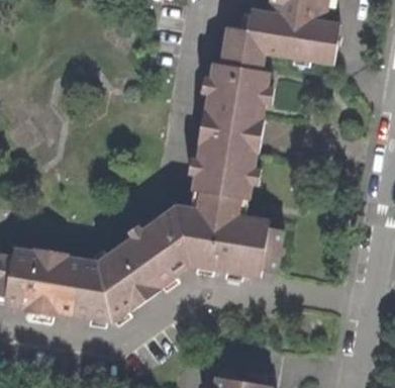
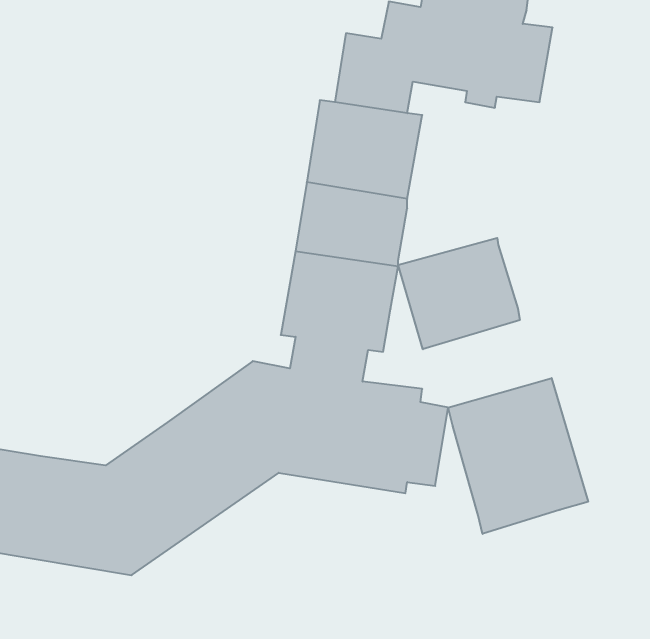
building: none -> [398,238,520,349]
building: none -> [448,378,588,534]

